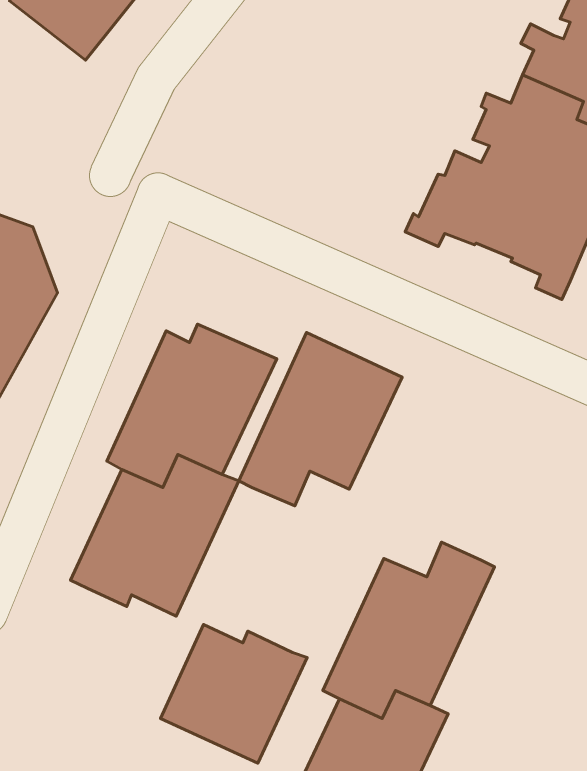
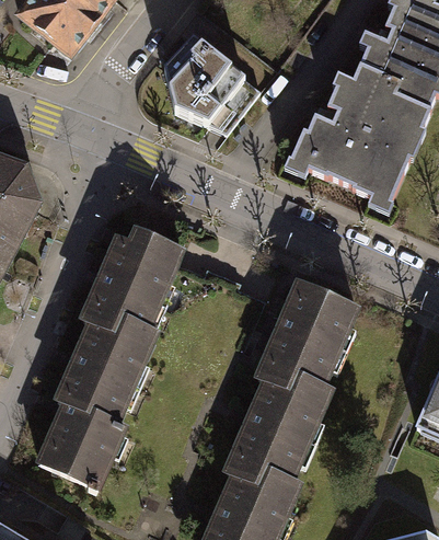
building: none -> [160,35,256,130]
building: [239,332,402,506] -> [255,279,363,394]
building: [160,625,307,763] -> [38,402,136,494]

